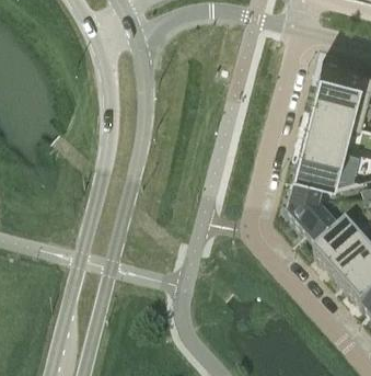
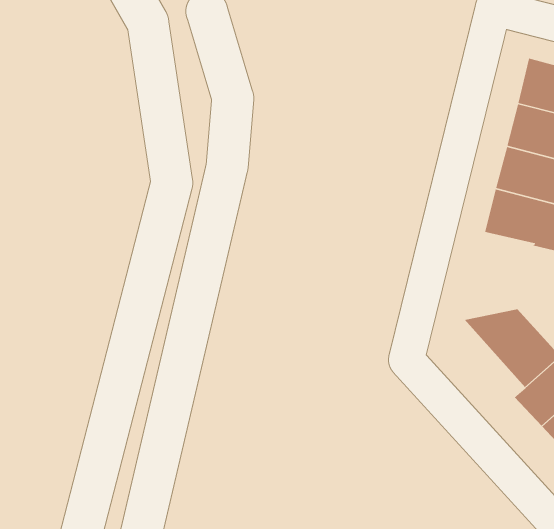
building: [286,167,327,218] -> none

